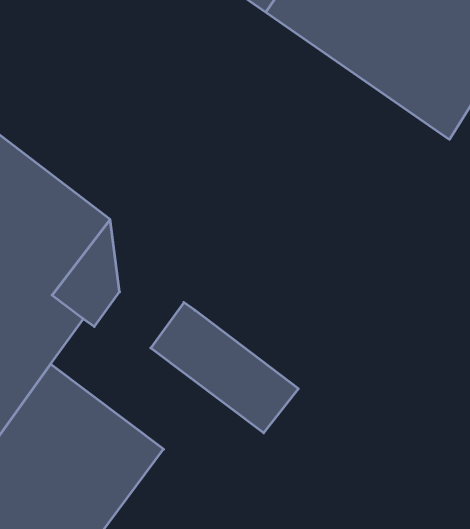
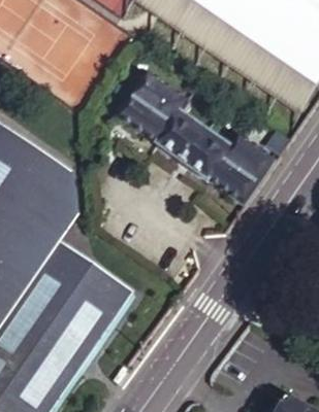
building: none -> [122,72,275,203]
building: [151,302,298,433] -> [35,234,132,319]

